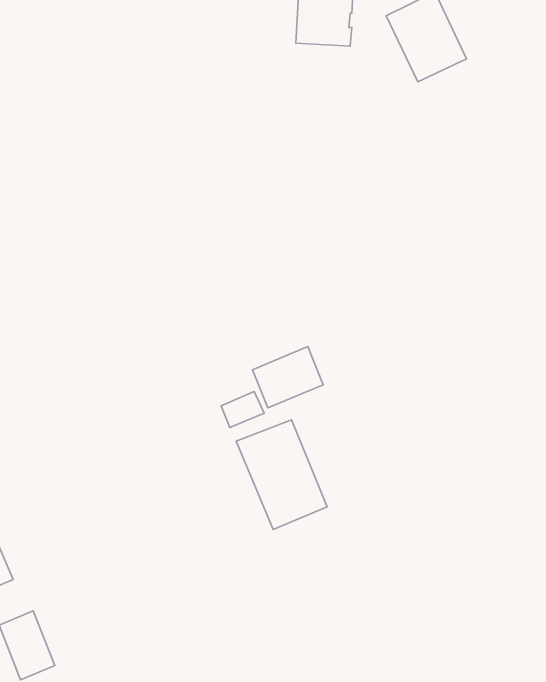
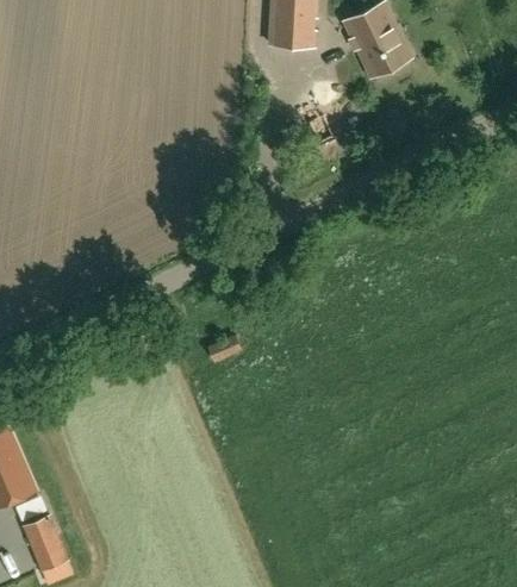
building: [253,347,323,408] -> none
building: [236,420,327,530] -> none

